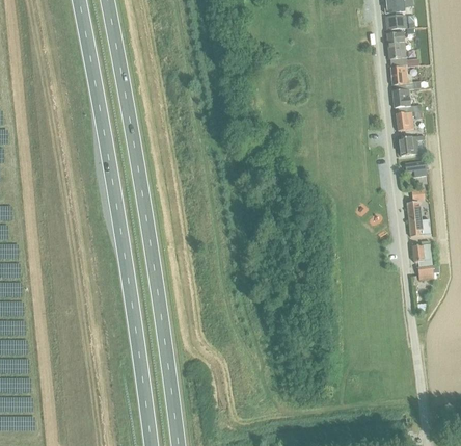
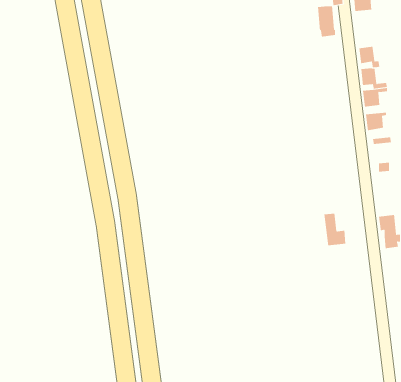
building: [386,32,406,65] -> [317,6,336,37]
building: [406,201,430,235] -> [323,213,346,246]

